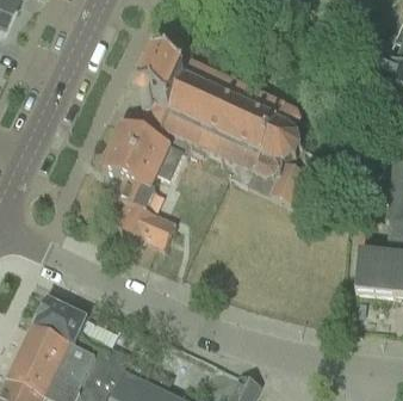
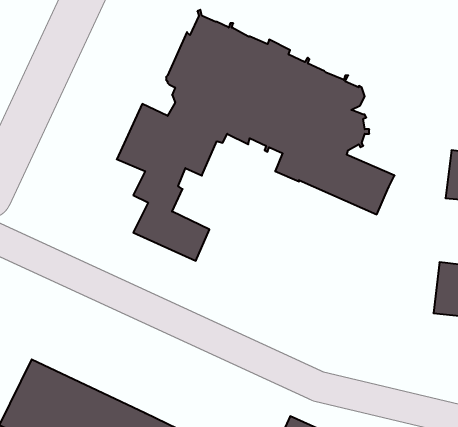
building: [32,296,130,369] -> none

